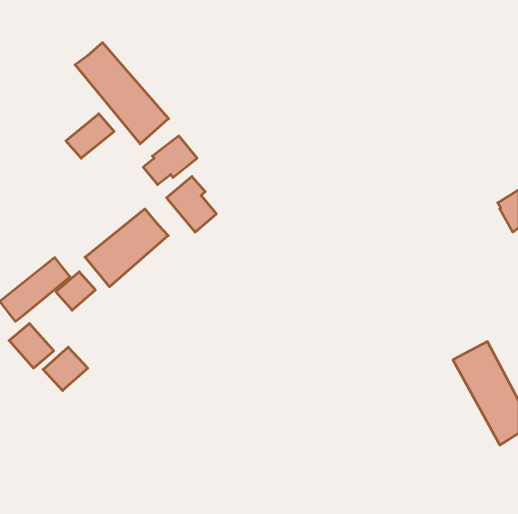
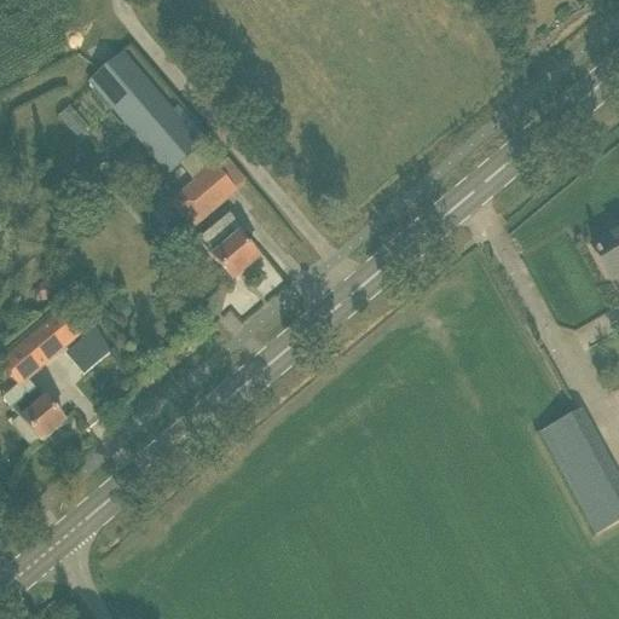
building: [66,114,114,158] -> none
building: [85,209,168,287] -> none
building: [43,347,88,391] -> none

